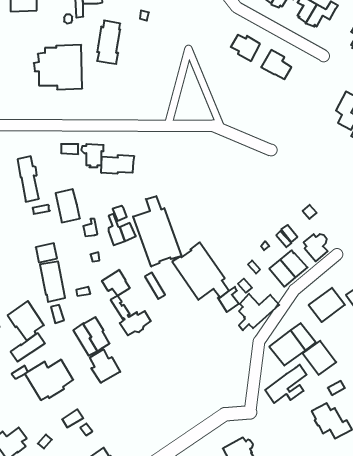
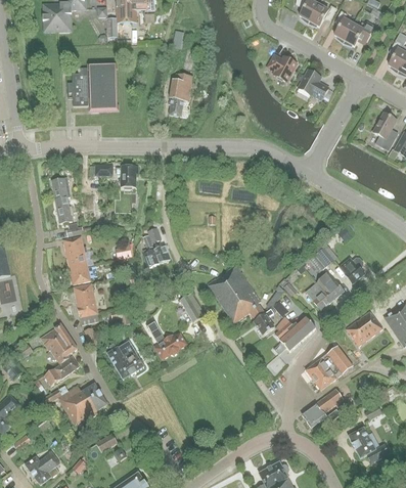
building: [97,20,120,64] -> [169,73,192,117]
building: [101,155,134,174] -> none
building: [56,189,80,222] -> [63,235,88,269]
building: [133,196,181,267] -> none
building: [102,270,130,296] -> none
building: [303,341,336,375] -> none
building: [90,349,120,383] -> none

